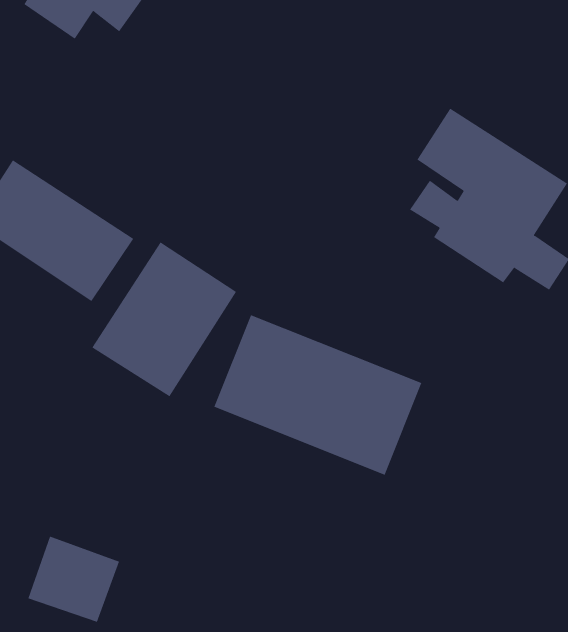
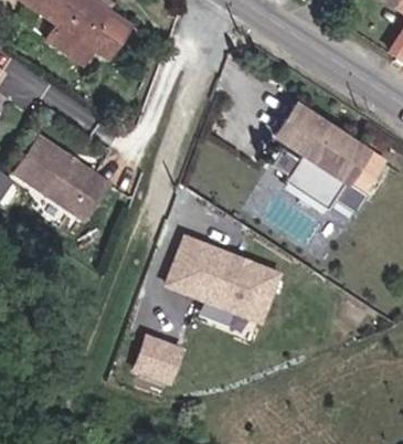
building: [91,242,237,397] -> none
building: [27,536,120,623] -> [132,332,188,384]

